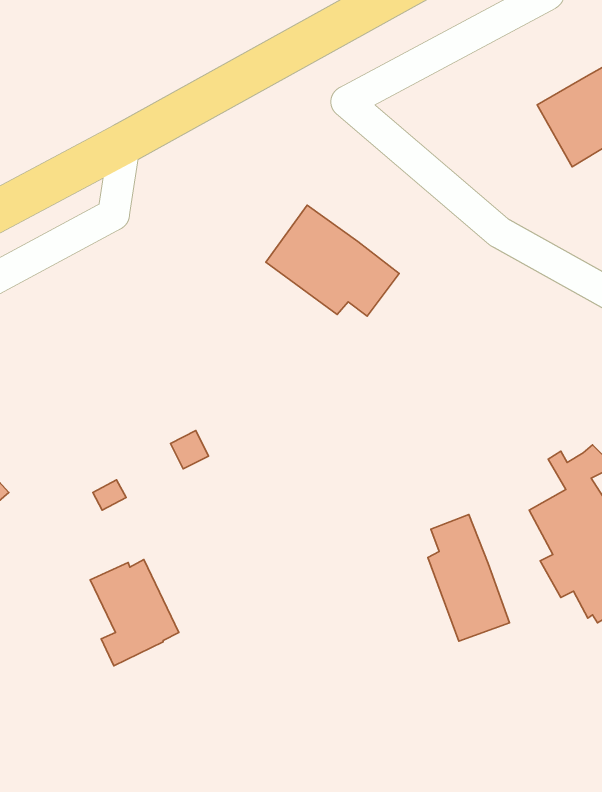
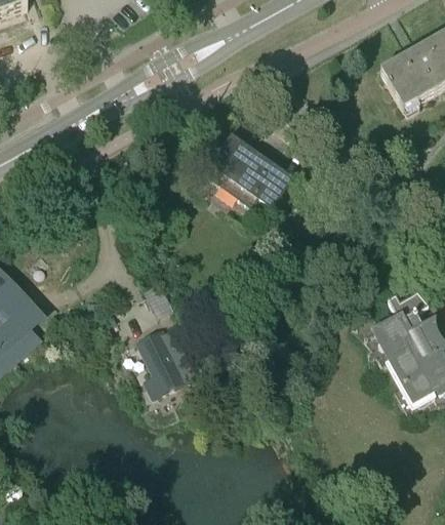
building: [428,515,510,641] -> none
building: [90,559,179,666] -> [138,324,196,393]

